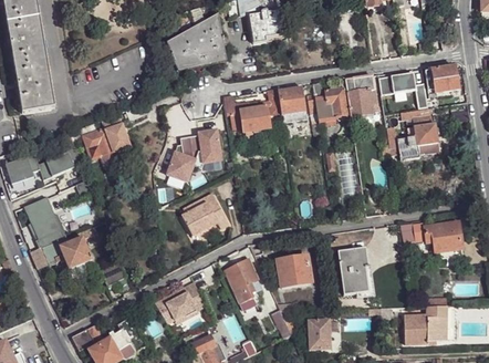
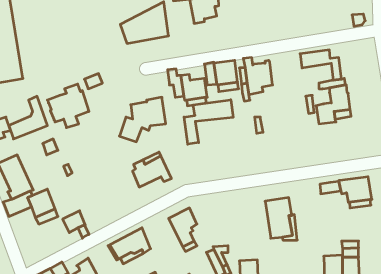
building: [427,65,458,92] -> none
building: [344,74,377,115] -> none
building: none -> [184,100,233,144]
building: [277,255,311,287] -> none

